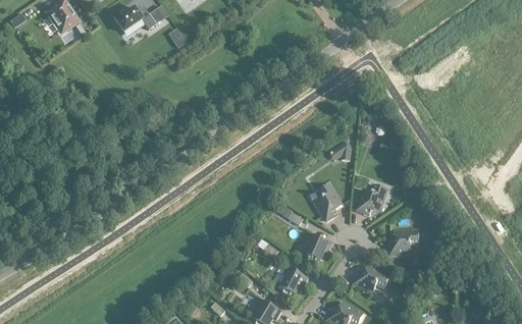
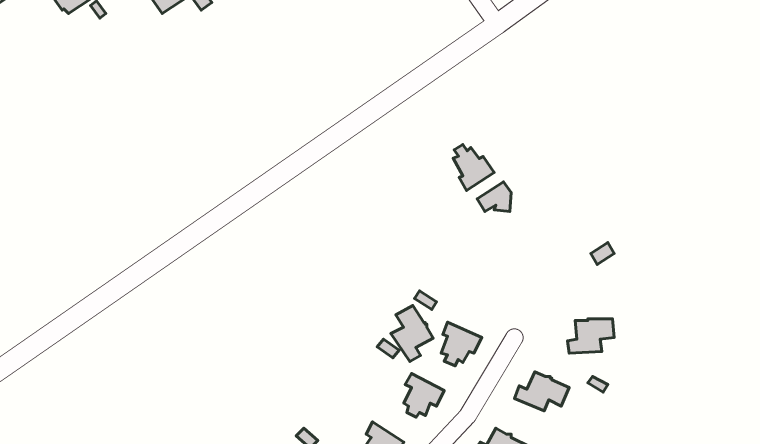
building: none -> [453,145,494,190]
building: [314,183,342,220] -> [391,305,433,362]
building: [356,183,386,213] -> none

